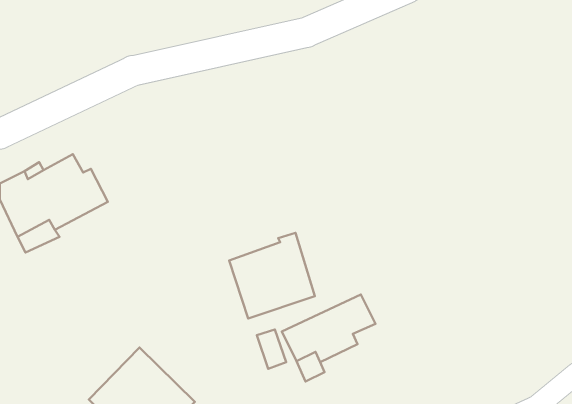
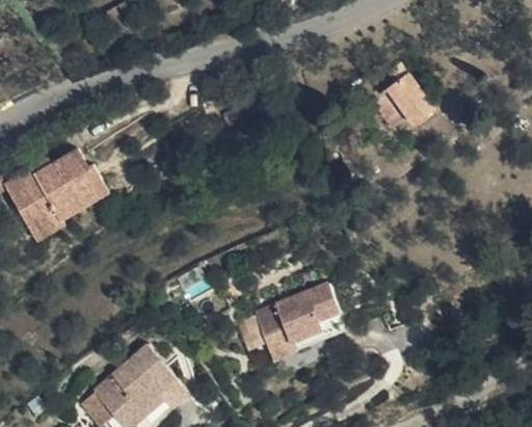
building: none -> [373,64,432,115]
building: [229,233,315,318] -> none

